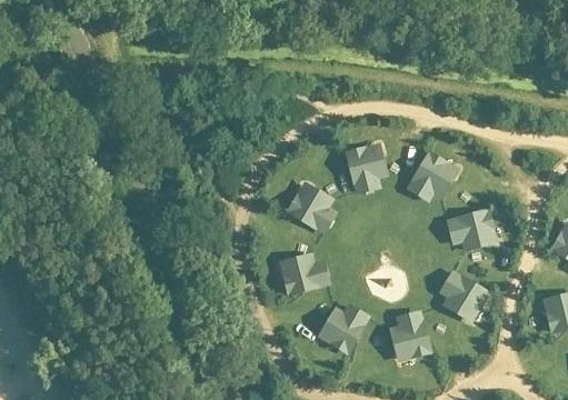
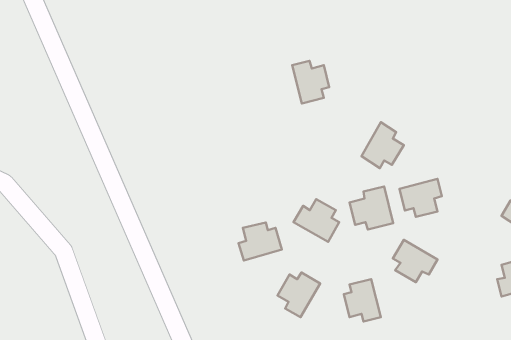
building: [345,148,382,191] -> [292,61,329,103]
building: [286,188,332,231] -> [293,199,339,242]
building: none -> [350,186,393,229]

